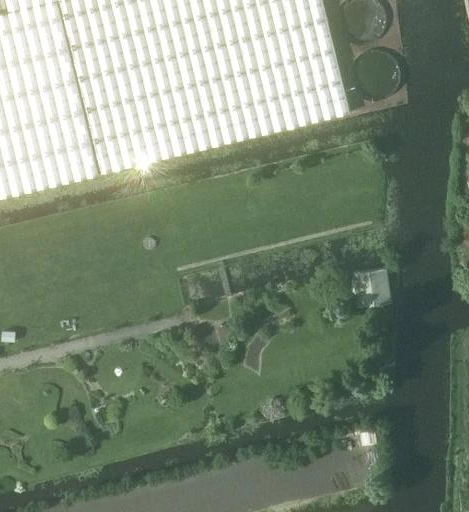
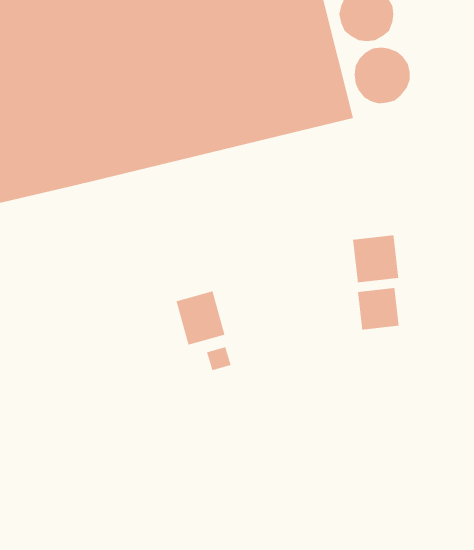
building: none -> [353,234,399,283]
building: none -> [176,291,225,346]

